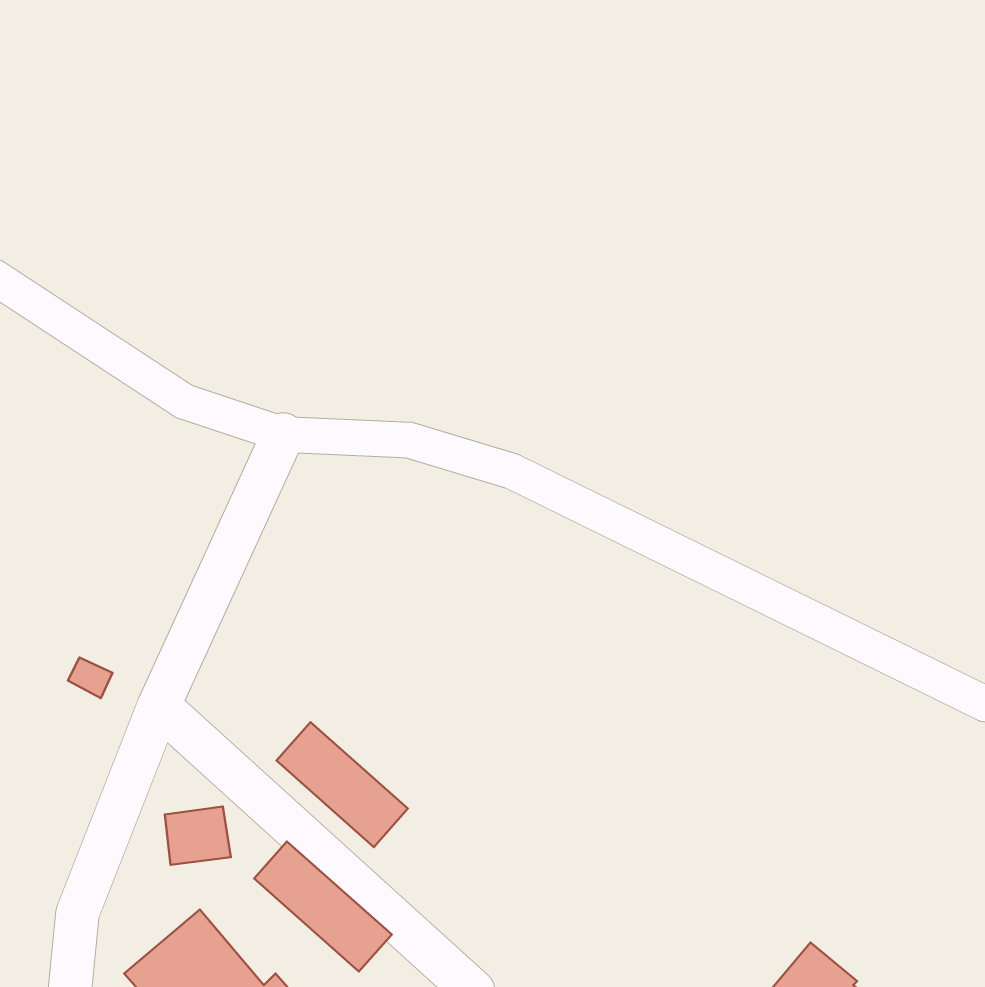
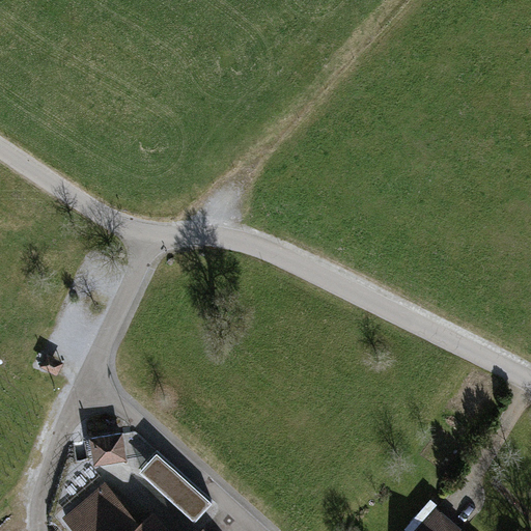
building: [276,722,408,847] -> none

